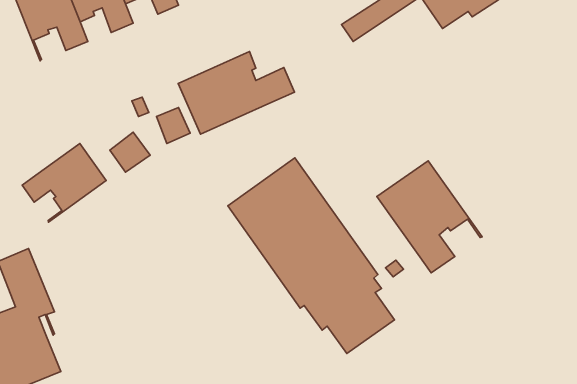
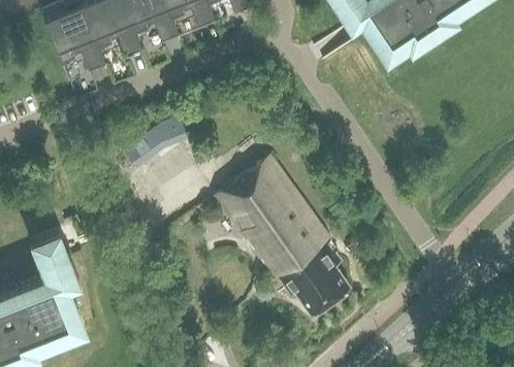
building: [178,52,294,134] -> none
building: [22,143,106,222] -> none
building: [377,161,482,273] -> none

